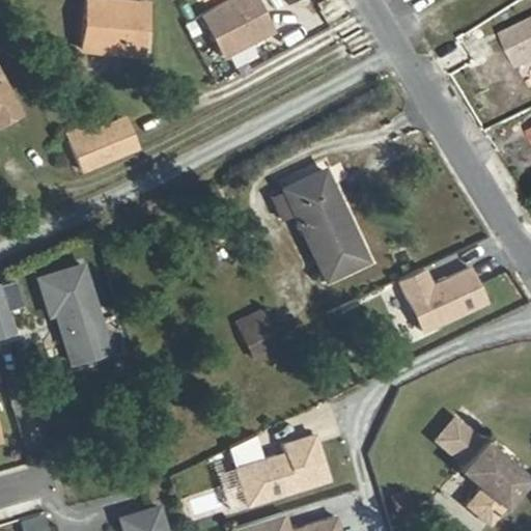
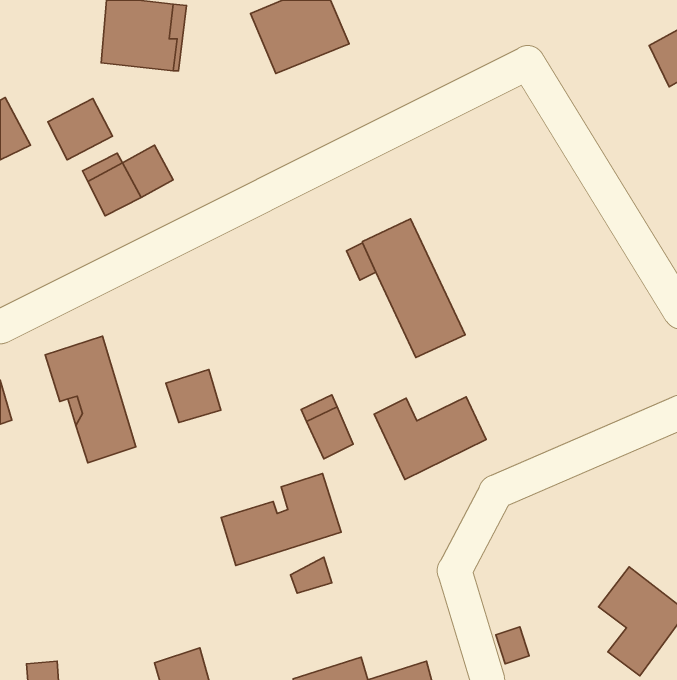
building: none -> [48,98,112,160]
building: [399,267,486,331] -> [374,397,486,480]
building: none -> [166,370,221,423]
building: [430,412,480,462] -> none
building: [235,434,329,505] -> [221,474,341,566]

